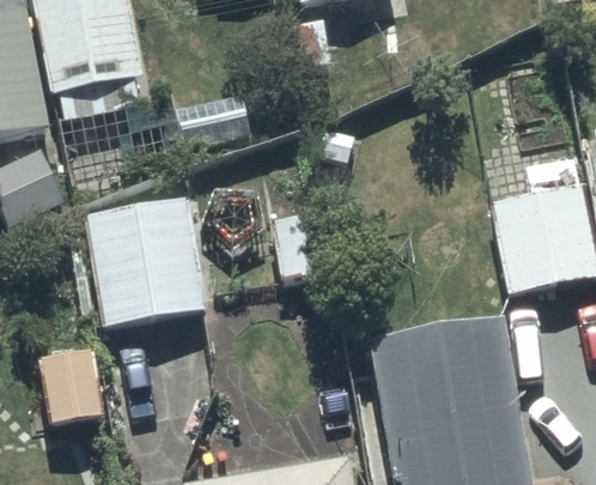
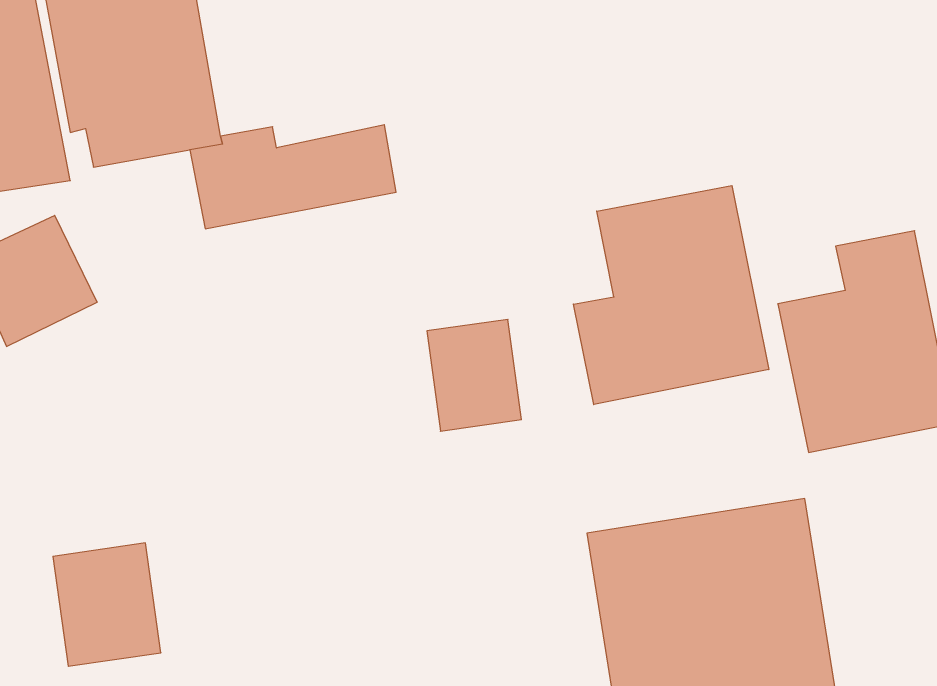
building: none -> [573,186,769,405]
building: [84,195,207,326] -> none

